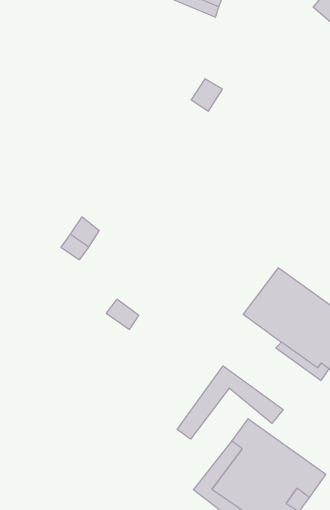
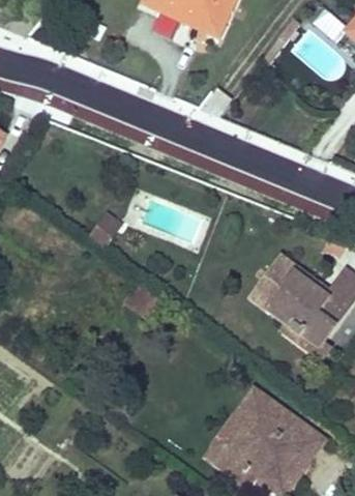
building: [177,366,283,439] -> none

